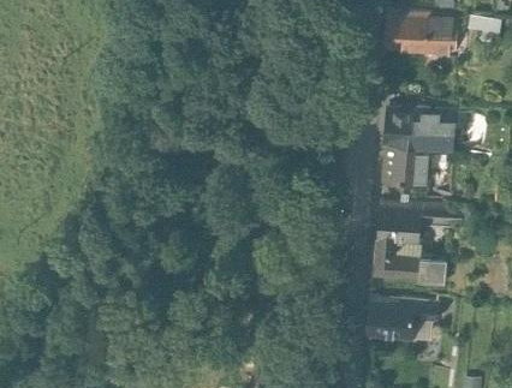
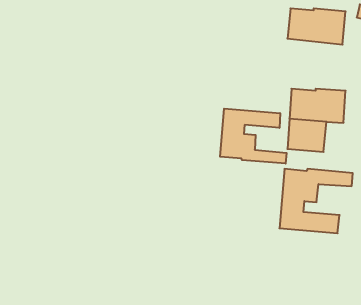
building: none -> [220,109,287,164]
building: [368,300,437,341] -> none

